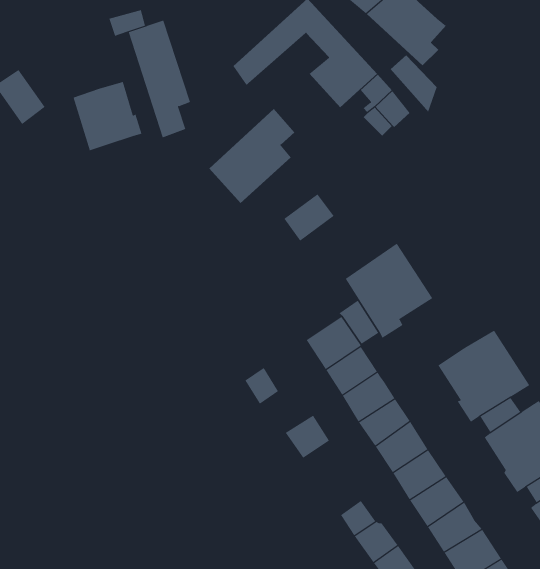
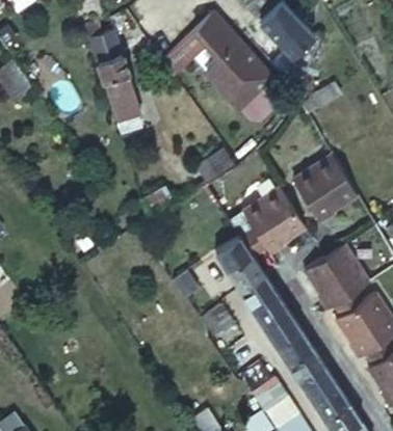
building: [73,81,142,151] -> none
building: [208,108,295,204] -> none
building: none -> [293,151,355,216]

